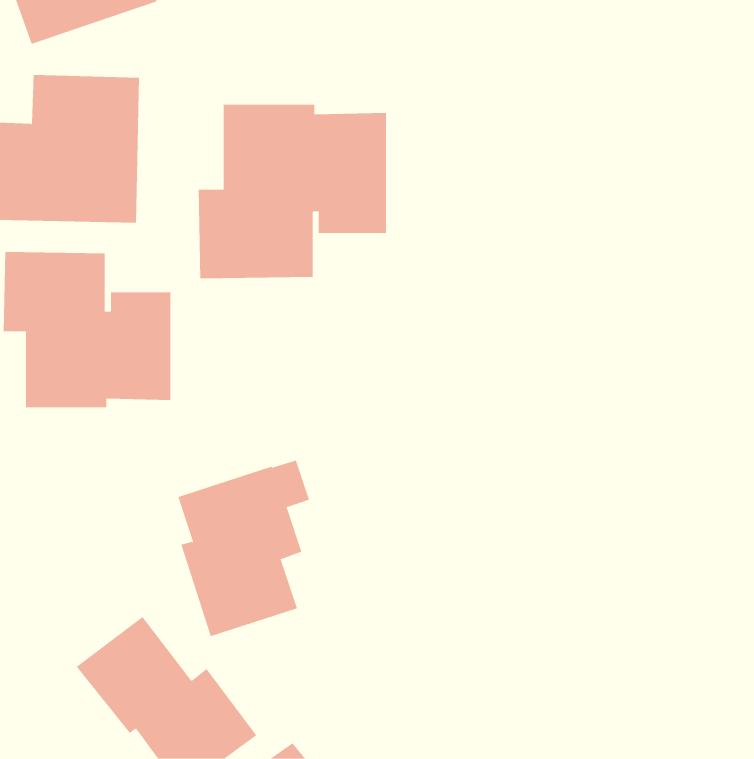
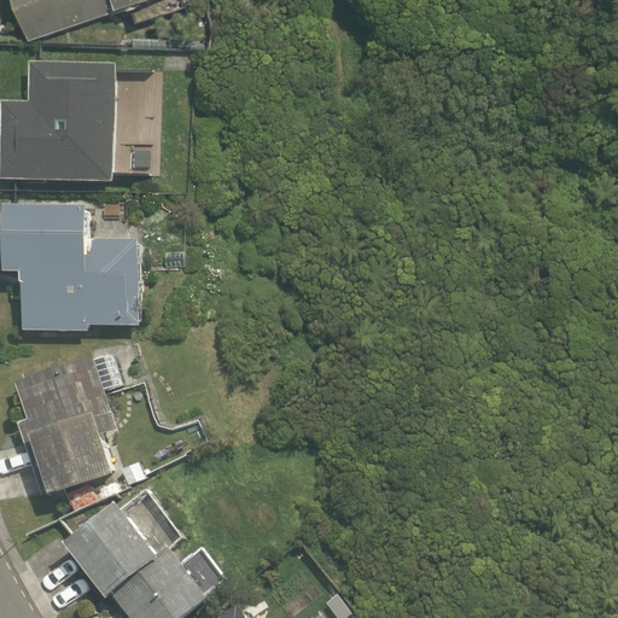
building: [198,104,387,279] -> none
building: [177,460,310,637] -> [14,351,122,495]

